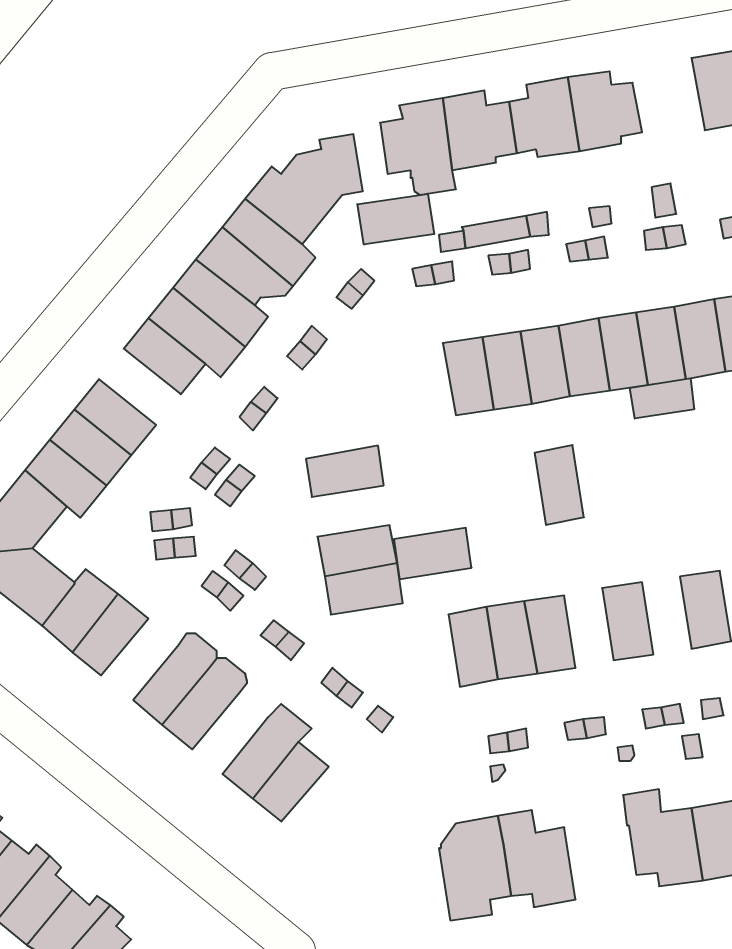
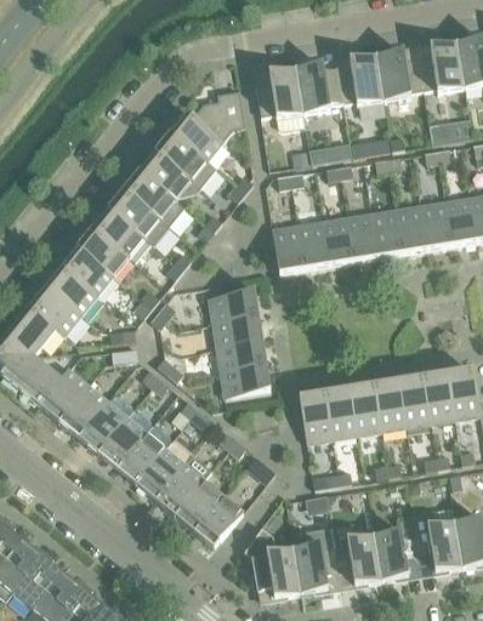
building: none -> [417,42,464,92]
building: [357,194,434,245] -> none
building: none -> [272,224,305,275]
building: none -> [76,228,129,277]
building: [630,378,694,419] -> none
building: [535,445,584,525] -> [374,381,405,432]
building: [394,528,472,579] -> [212,315,262,348]
building: none -> [424,374,455,423]
building: none -> [78,394,132,452]
building: none -> [136,448,184,500]
building: none -> [193,495,244,547]
building: none -> [243,528,301,598]
building: none -> [374,530,420,580]

